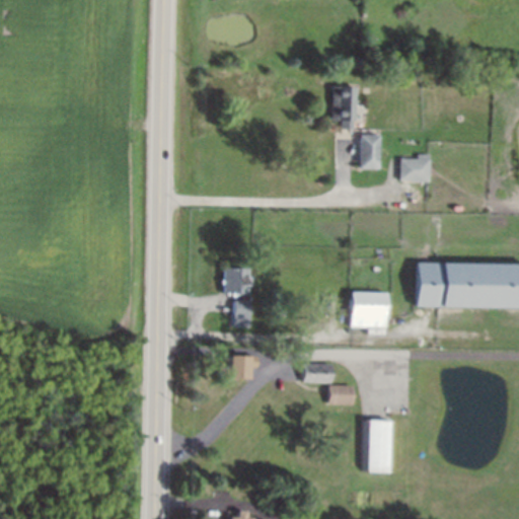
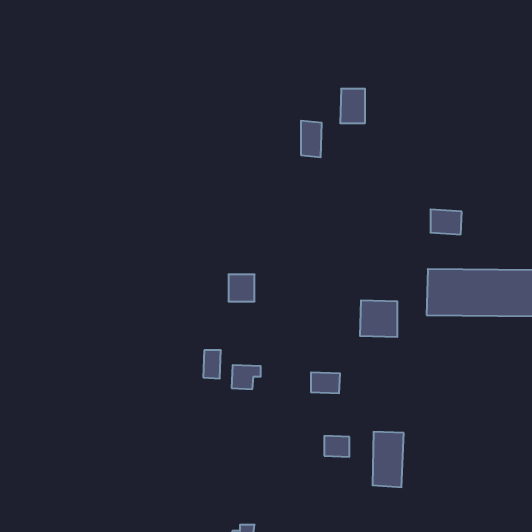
building: [361,135,381,170] -> [301,121,322,157]
building: [400,158,431,182] -> [430,209,462,234]
building: [233,300,250,327] -> [203,350,221,378]
building: [328,385,353,405] -> [324,436,349,457]

